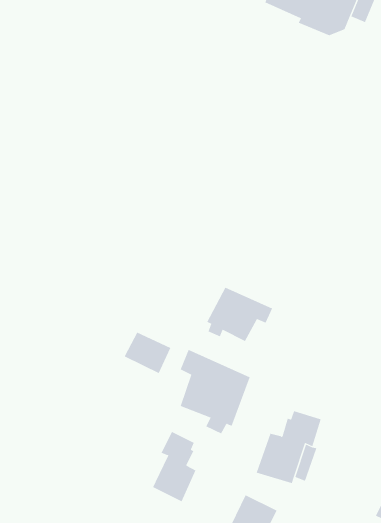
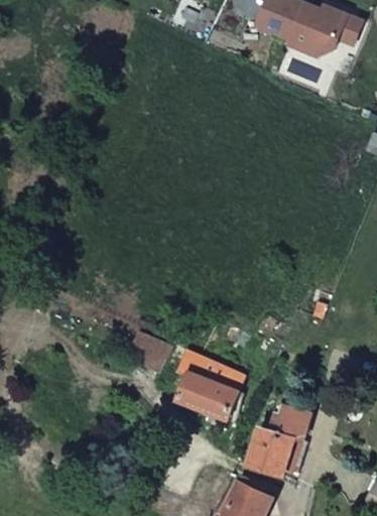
building: [207,287,273,342] -> none
building: [152,431,196,502] -> none

